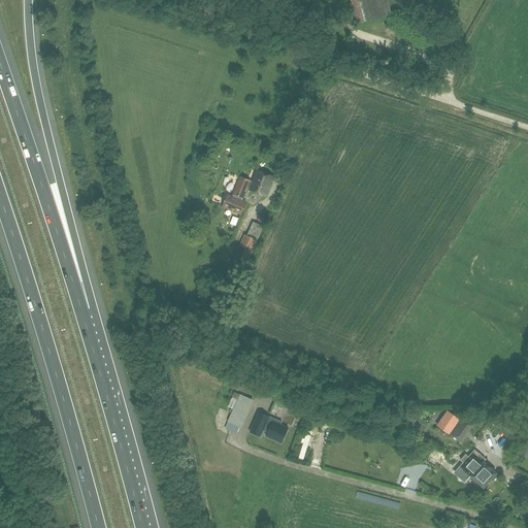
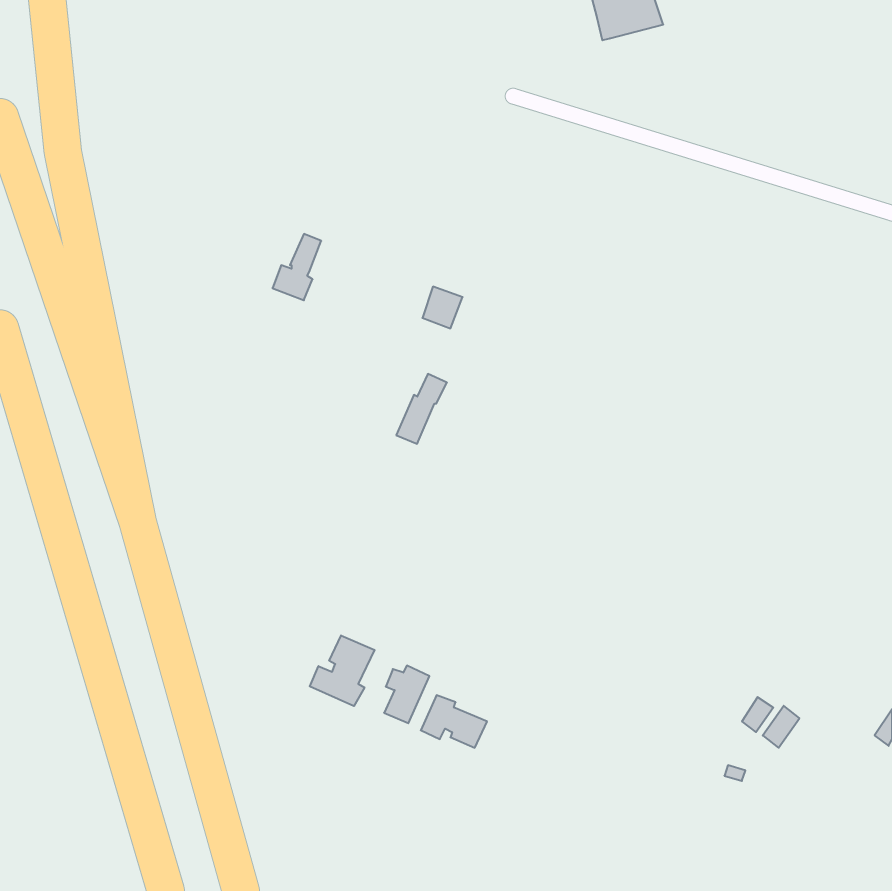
building: [222,174,251,213] -> [272,234,321,300]
building: none -> [310,635,375,706]
building: [460,450,496,487] -> none

